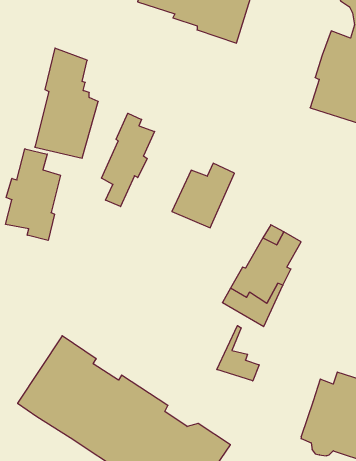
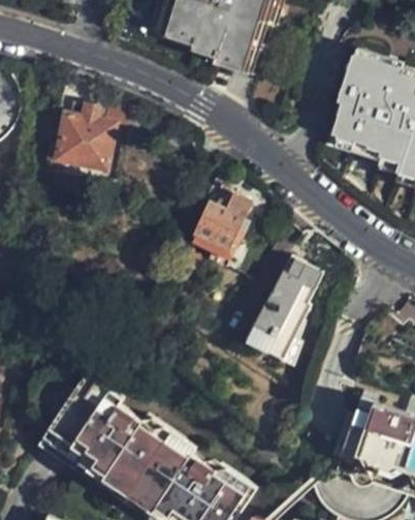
building: [102,113,155,207] -> none
building: [6,149,60,240] -> none
building: [217,326,259,381] -> none

